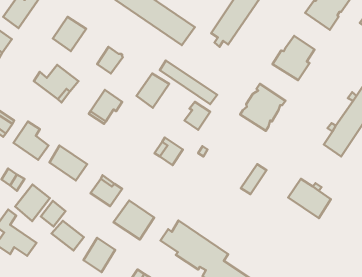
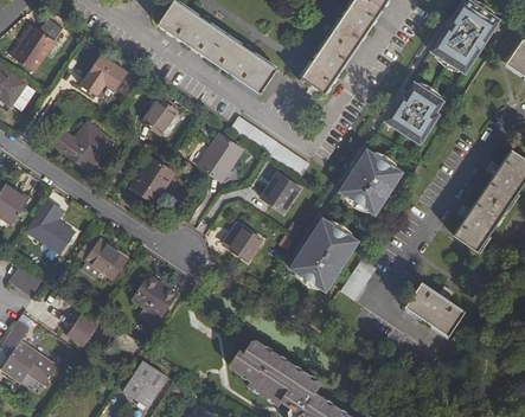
building: none -> [290,217,358,290]
building: [15,185,50,221] -> none
building: [114,200,154,240] -> none
building: [52,221,84,251] -> none

